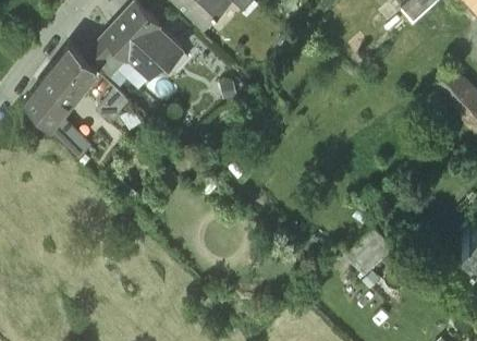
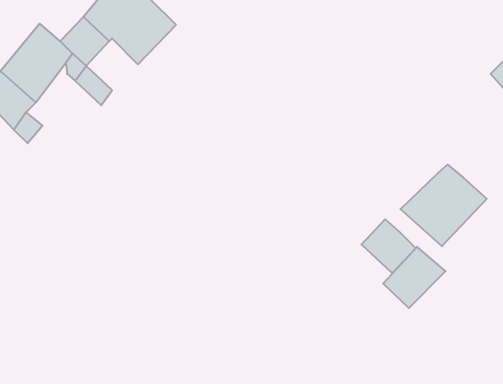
building: none -> [400,165,487,246]
building: none -> [361,219,416,273]

